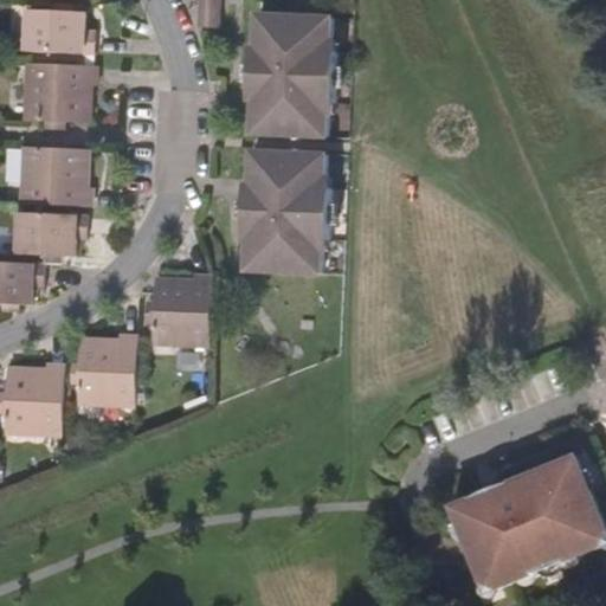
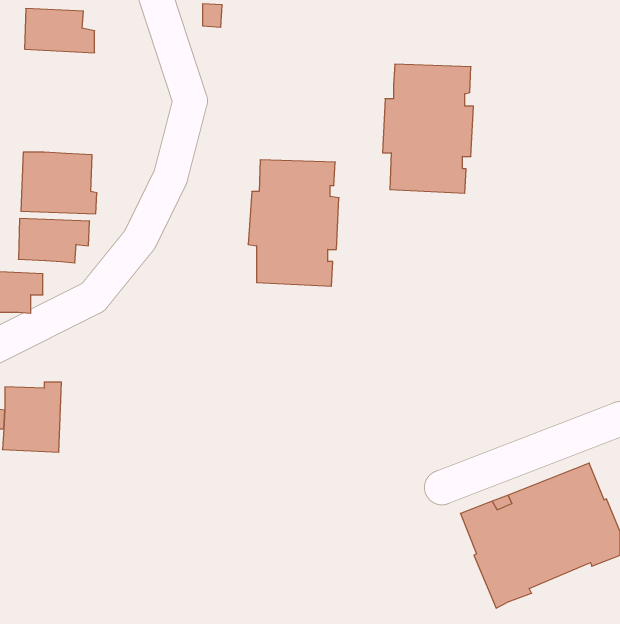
building: [245,15,333,140] -> [383,64,473,193]
building: [22,62,96,118] -> none
building: [153,278,208,346] -> none
building: [77,339,134,408] -> none

